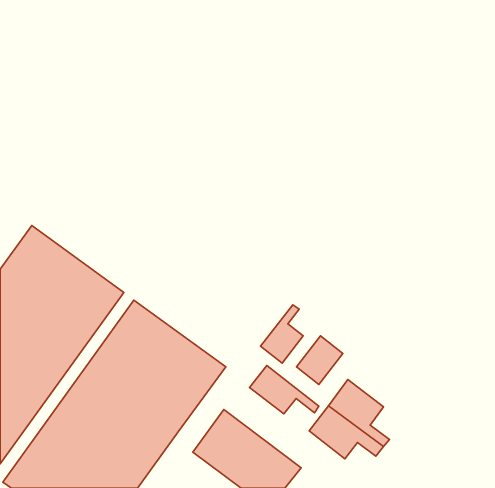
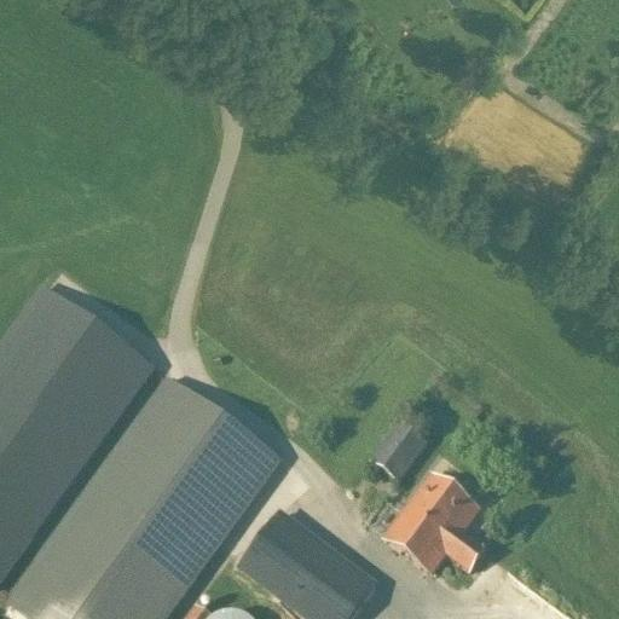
building: [260,305,303,363] -> none
building: [250,366,319,414] -> none

